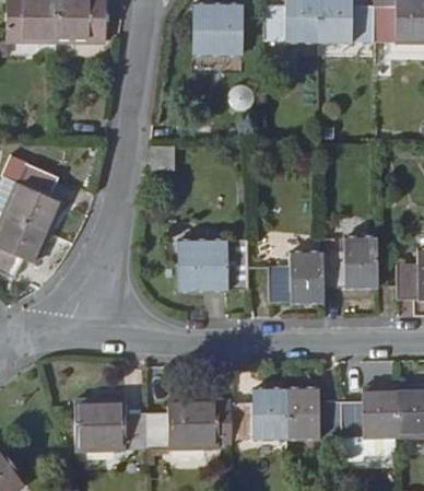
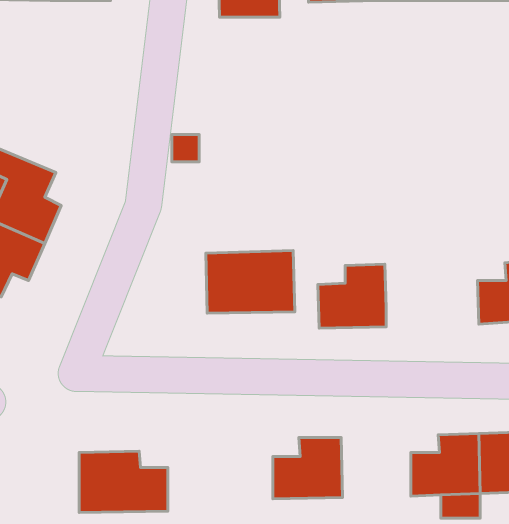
building: [322,236,378,285] -> none
building: [287,388,343,437] -> none
building: [149,398,233,448] -> none

